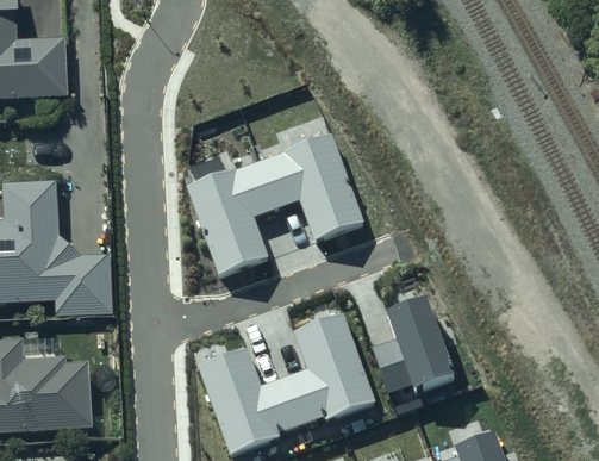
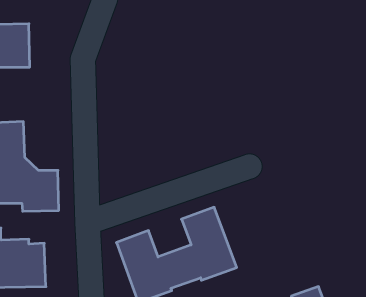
building: [186,130,364,273] -> none
building: [373,295,455,392] -> none

